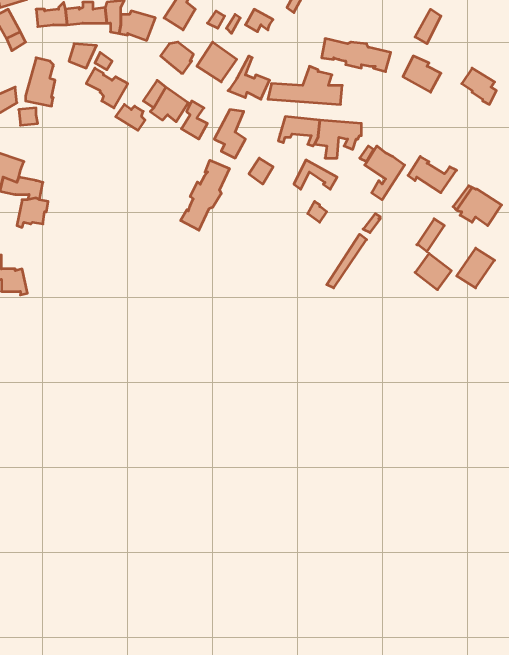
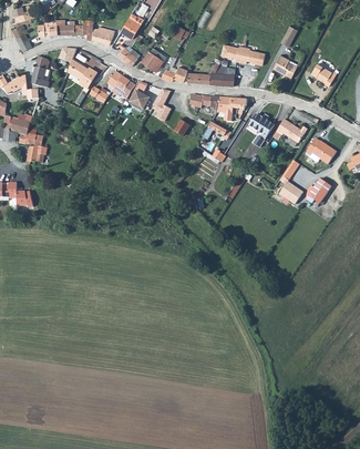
building: [181,160,229,230] -> none

